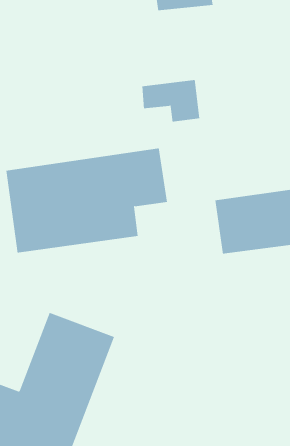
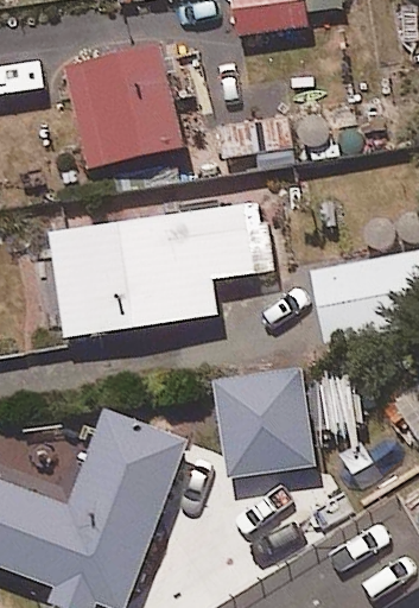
building: none -> [65,44,179,164]
building: none -> [220,369,311,473]

